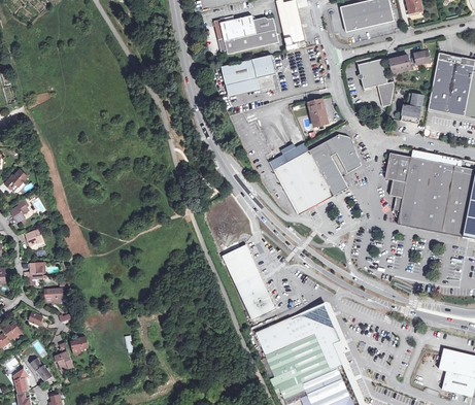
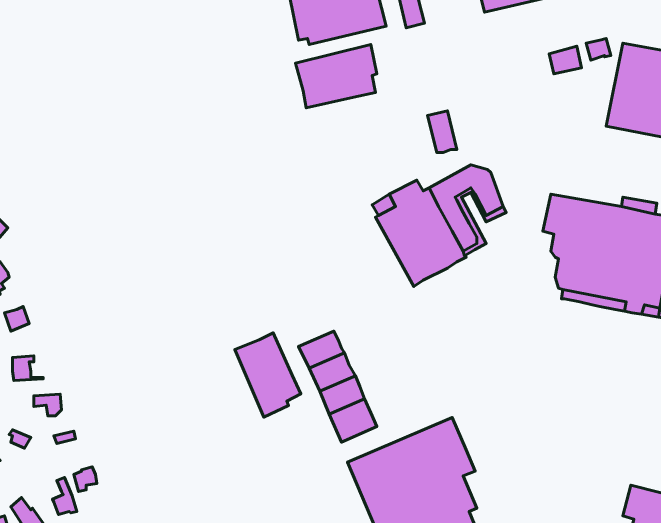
building: [358,58,394,106] -> none
building: [401,93,423,124] -> none
building: none -> [235,333,301,417]

